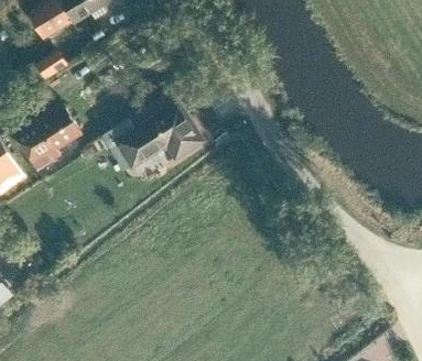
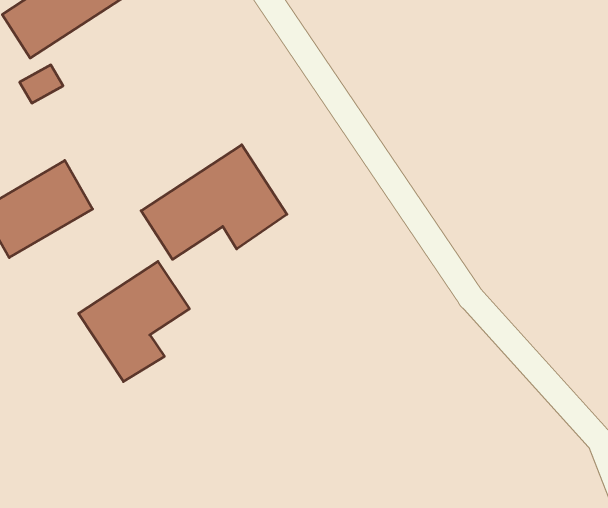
building: none -> [79,261,189,382]

